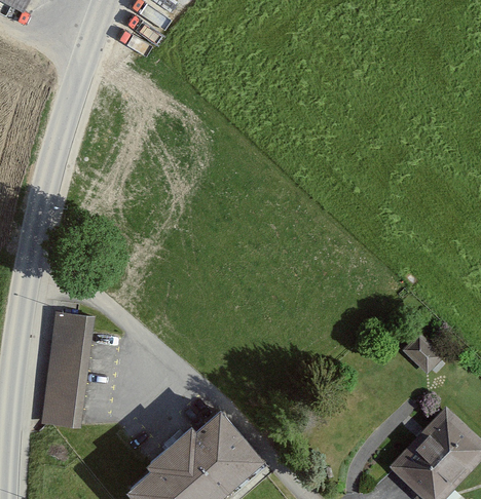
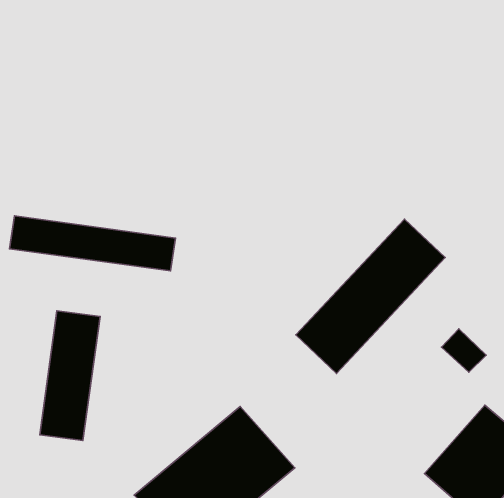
building: none -> [10,216,175,271]
building: none -> [296,219,445,373]

